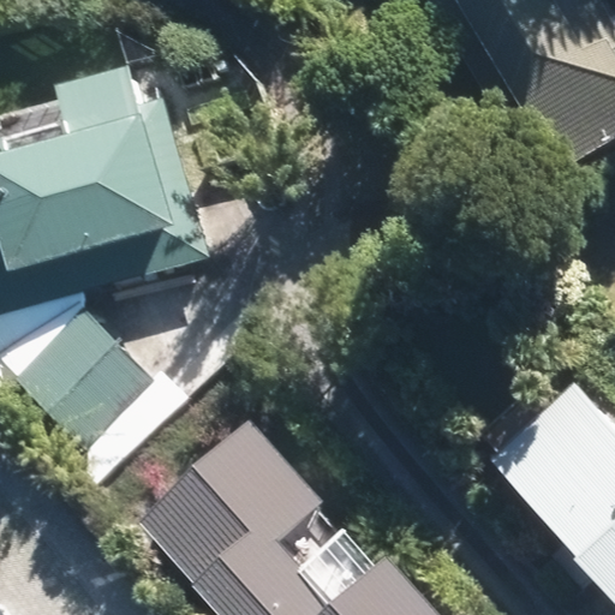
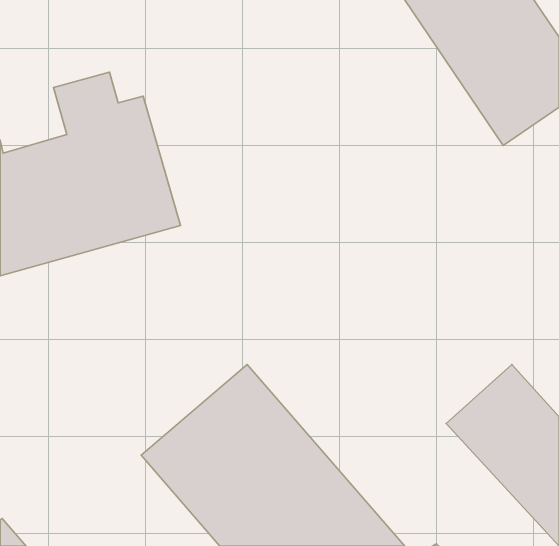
building: [19,310,147,437] -> none

